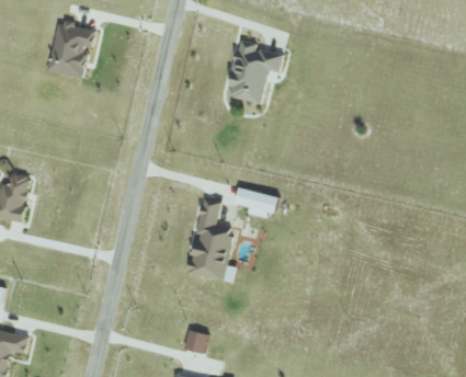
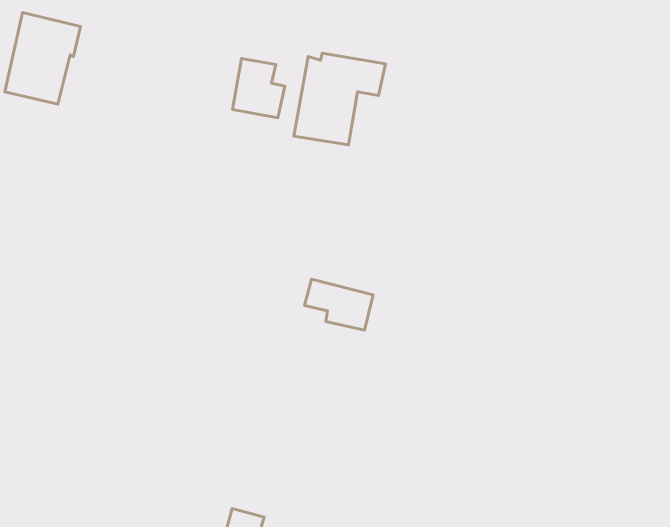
building: none -> [232,59,285,118]
building: [189,198,236,281] -> none

